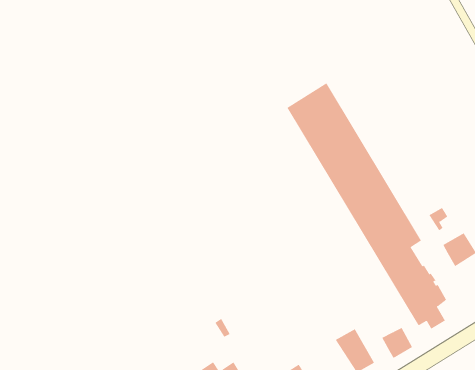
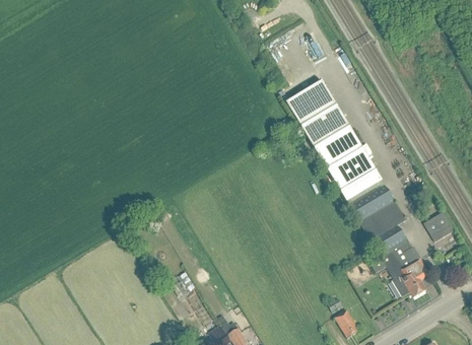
building: [381,327,413,359] -> none

